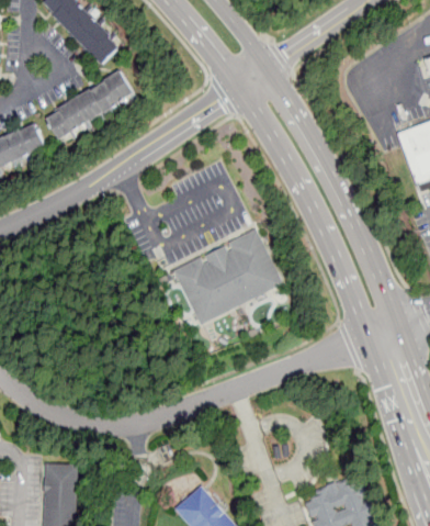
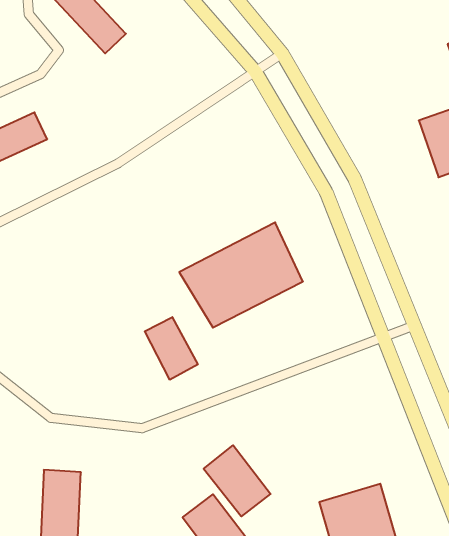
building: [44,71,135,142] -> none
building: none -> [145,317,198,380]
building: none -> [204,445,271,516]

